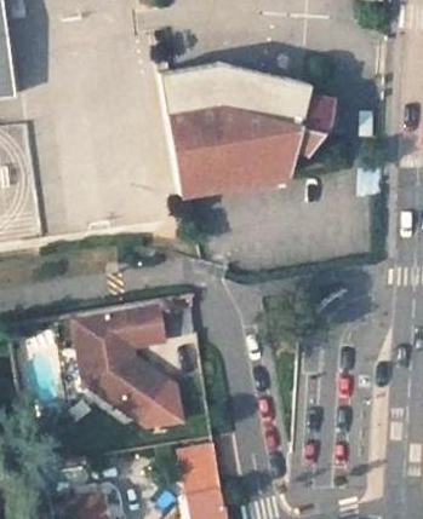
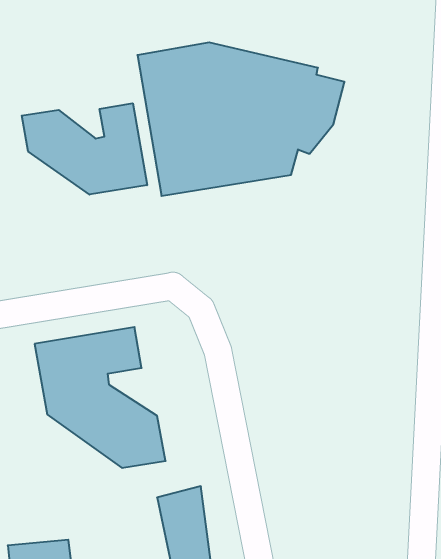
building: none -> [22,103,147,195]

